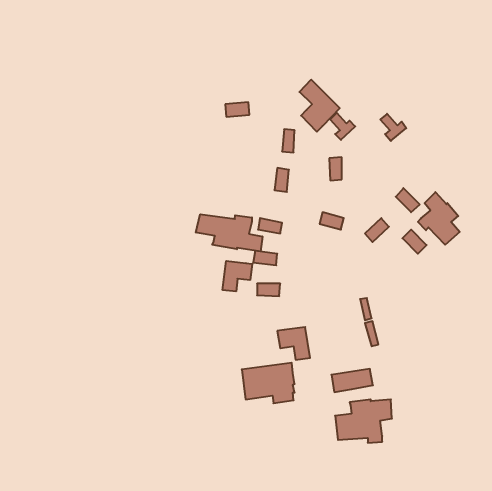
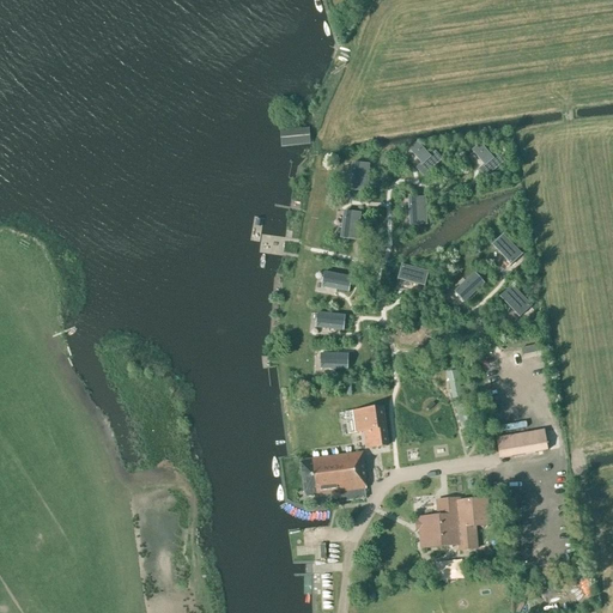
building: [299,80,340,132] -> none
building: [418,192,460,245] -> none
building: [196,214,262,251] -> none
building: [223,261,252,291] -> none
building: [331,369,373,392] -> [496,429,547,457]

